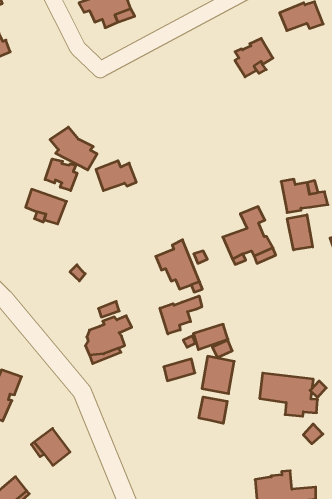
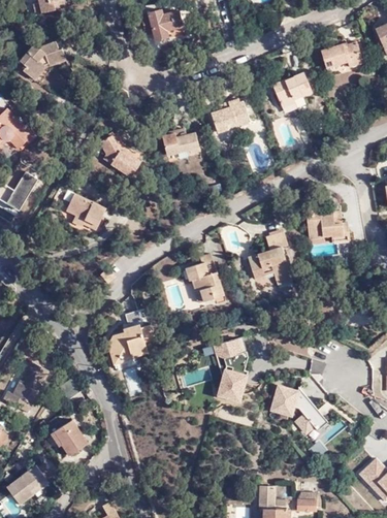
building: none -> [214,99,249,132]
building: [45,159,77,191] -> none
building: [96,161,136,191] -> [164,128,201,155]
building: [287,215,313,250] -> none
building: [160,296,202,334] -> none
building: [199,397,227,423] -> none

